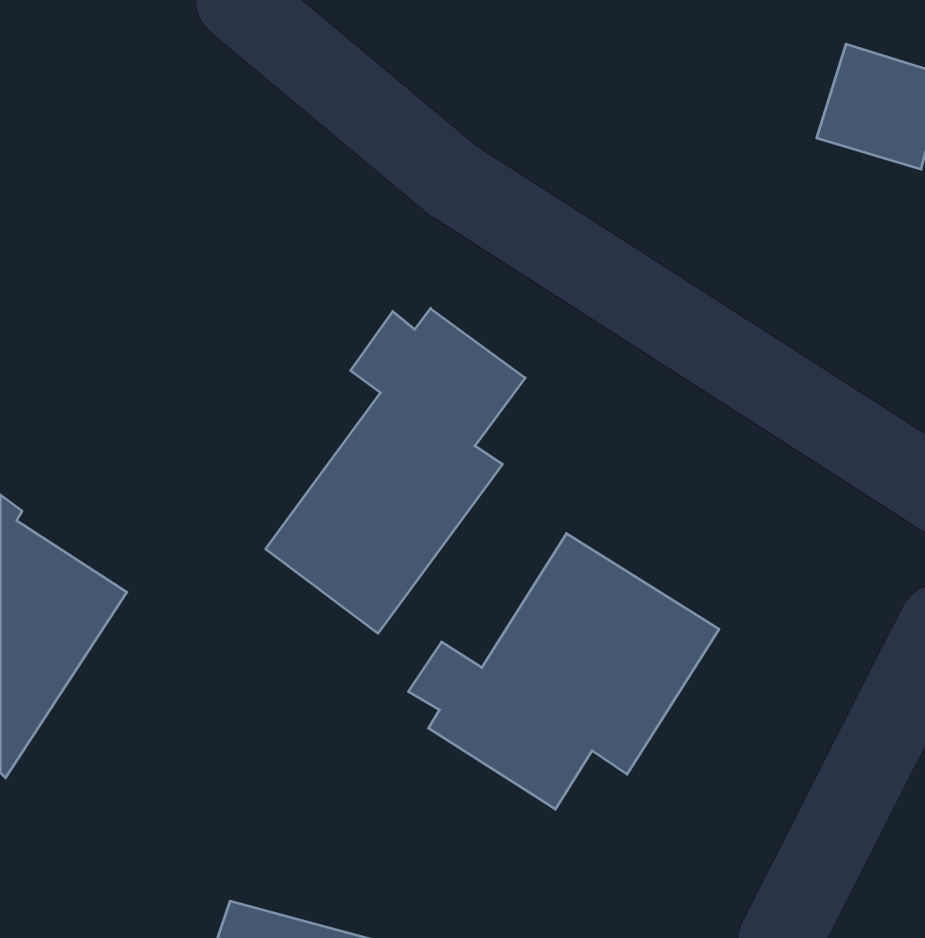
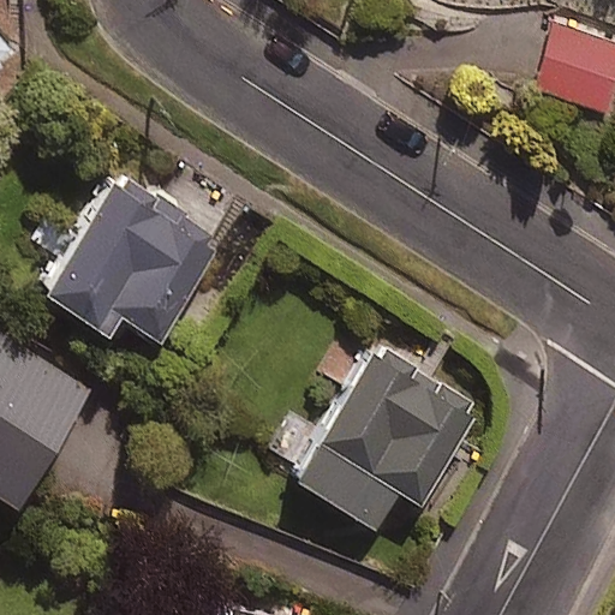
building: none -> [38,177,222,346]
building: [266,308,525,633] -> none

